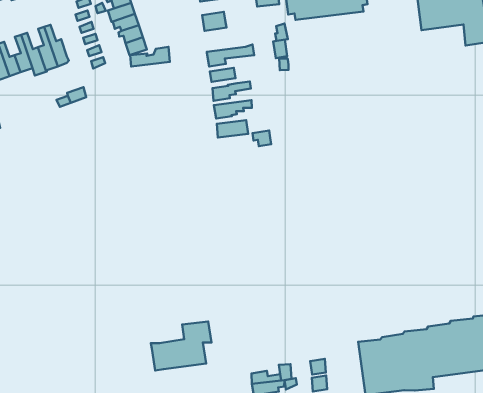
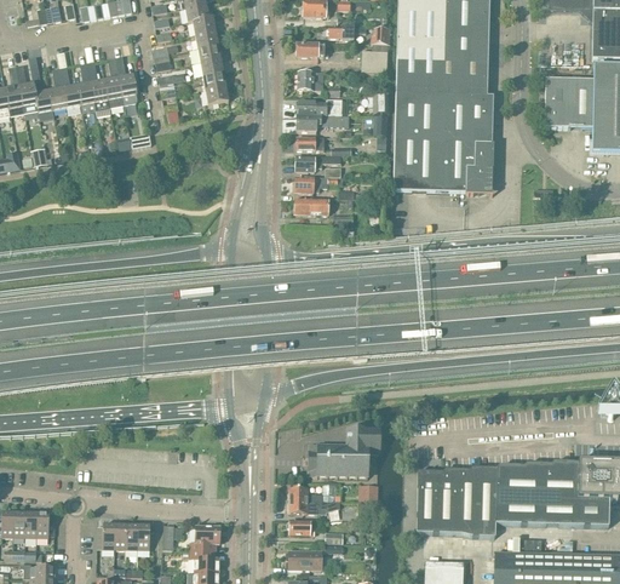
building: none -> [392,93,493,194]
building: [130,47,170,67] -> [295,98,341,115]
building: [151,322,211,370] -> [308,428,377,476]

